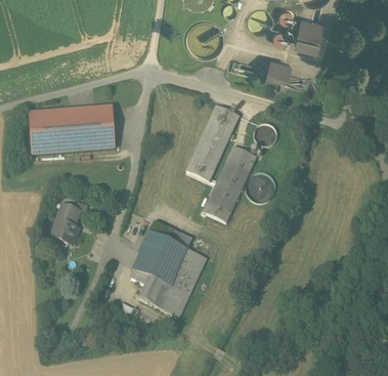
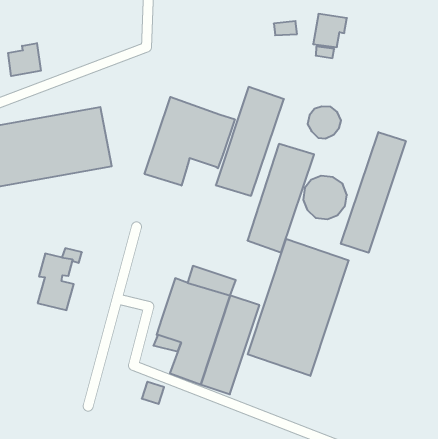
building: none -> [8,43,41,76]
building: none -> [145,97,235,186]
building: none -> [341,132,406,253]
building: none -> [248,239,349,376]

